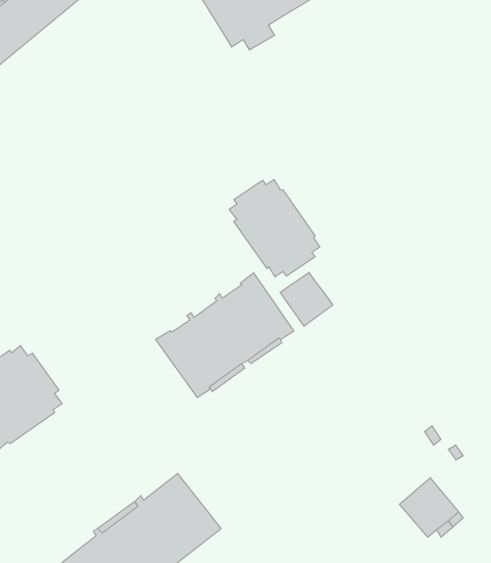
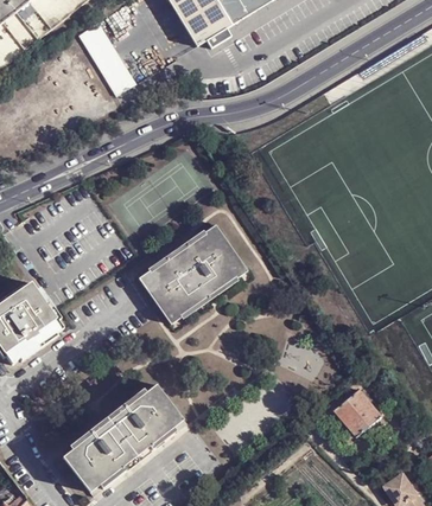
building: none -> [81,21,134,96]
building: [229,179,320,277] -> none
building: [280,272,333,326] -> none

